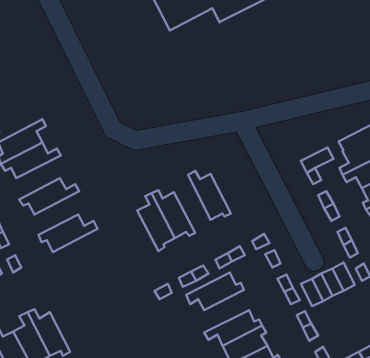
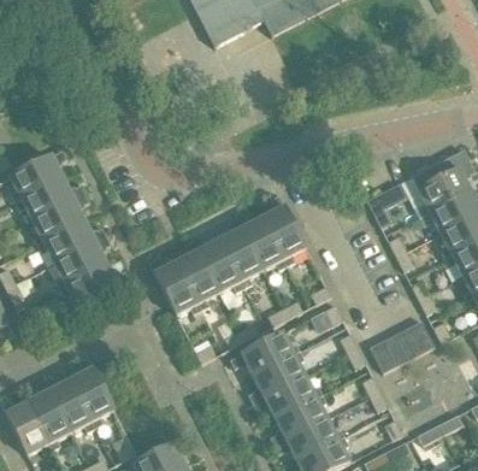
building: none -> [31,193,88,245]
building: none -> [261,193,306,261]
building: none -> [218,216,261,284]
building: none -> [53,235,110,287]
building: none -> [148,255,200,312]
building: none -> [250,352,307,402]
building: none -> [71,357,114,425]

